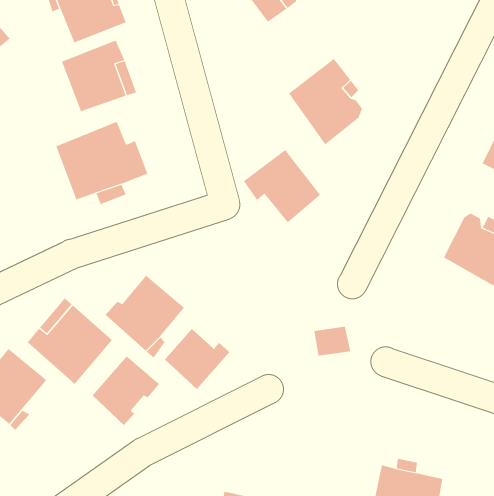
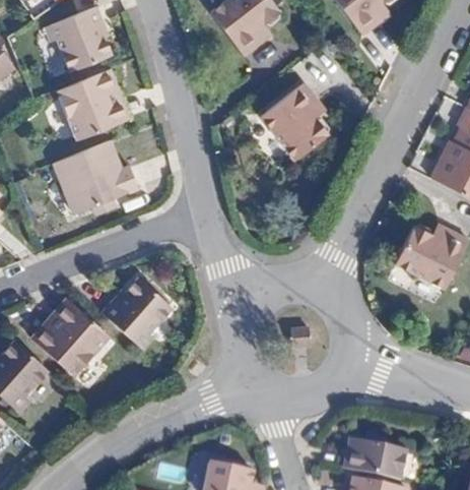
building: [243,149,321,223] -> none
building: [164,328,230,390] -> none
building: [92,355,160,426] -> none

